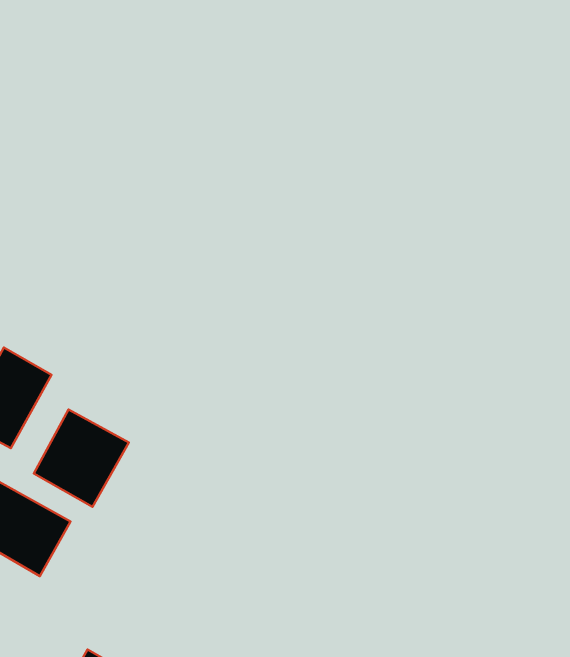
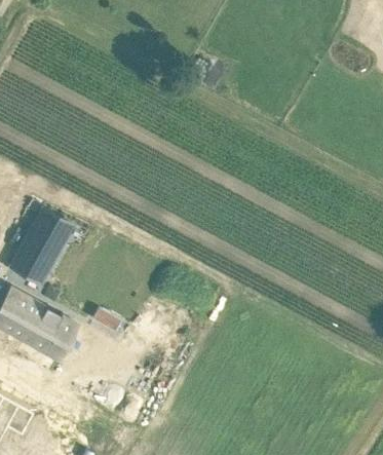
building: [34,410,129,507] -> none

